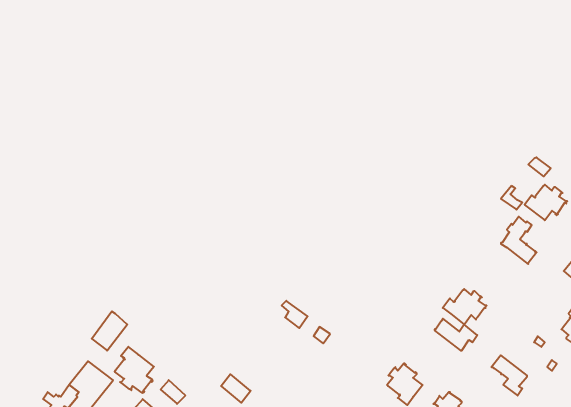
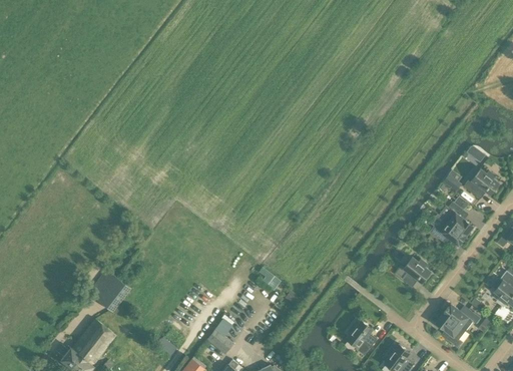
building: none -> [430,219,467,245]
building: [435,319,477,351] -> [444,303,480,330]
building: [115,347,154,393] -> none

